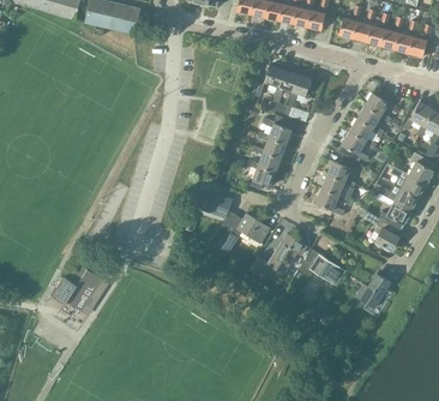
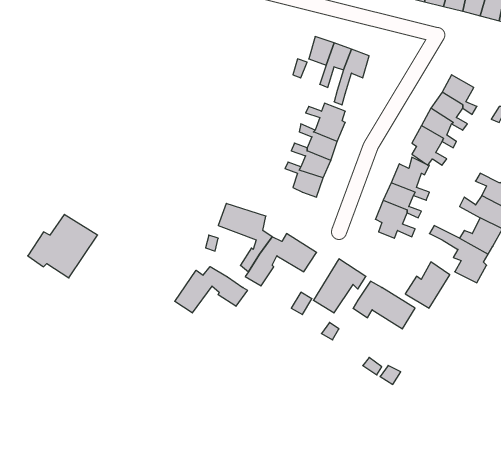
building: none -> [175,267,247,313]
building: [50,264,103,312] -> [28,214,98,278]
building: [356,274,390,309] -> [405,262,450,308]

